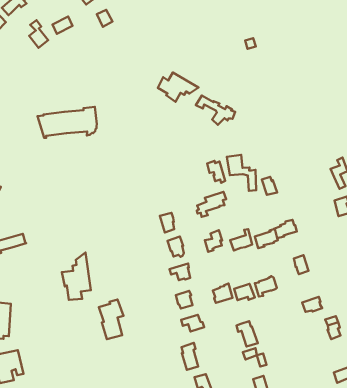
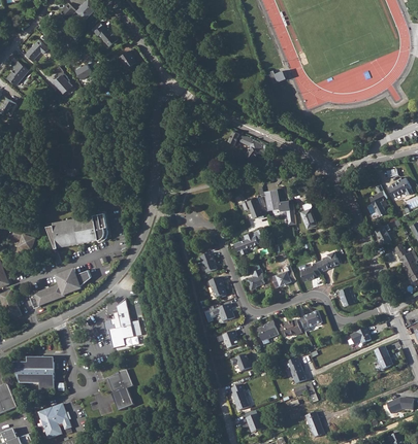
building: [158,72,199,102] -> none
building: [37,107,97,138] -> [46,212,107,247]
building: none -> [57,270,91,293]
building: [99,299,124,339] -> [106,369,132,410]

